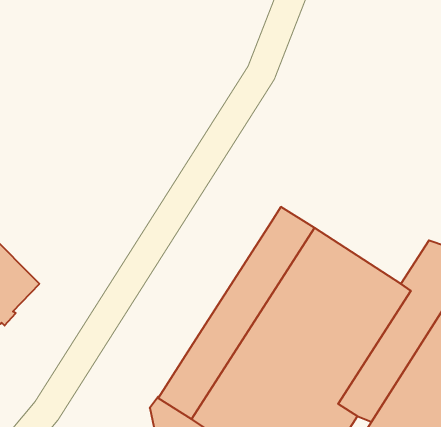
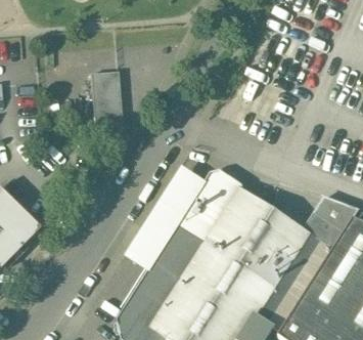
building: none -> [90,71,122,125]
building: none -> [123,164,208,270]

